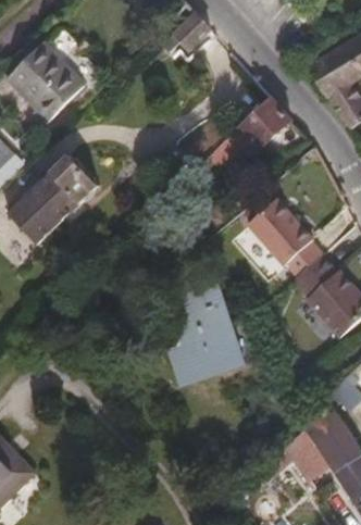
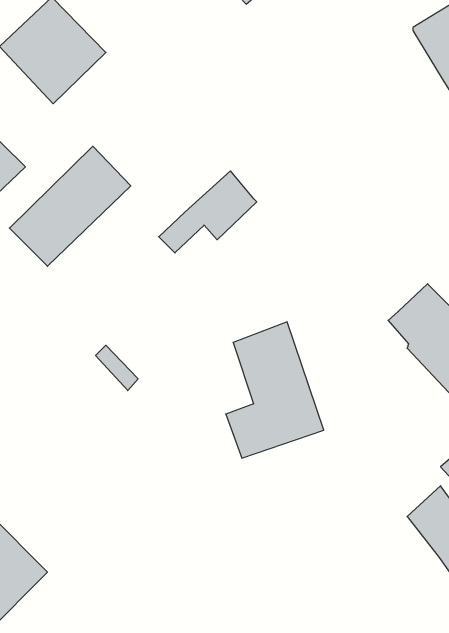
building: [217,96,290,157] -> [159,171,257,253]
building: [250,203,322,276] -> none
building: [286,428,328,474] -> none

